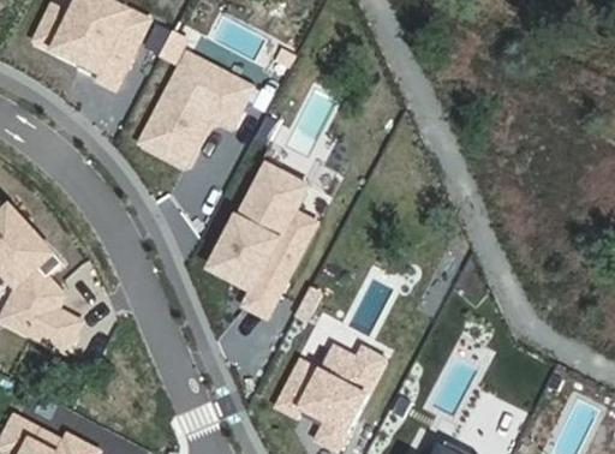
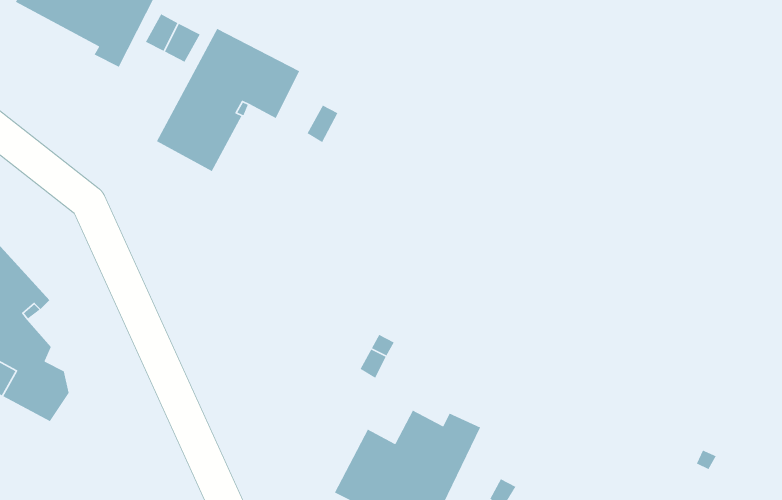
building: [209,162,316,317] -> none

